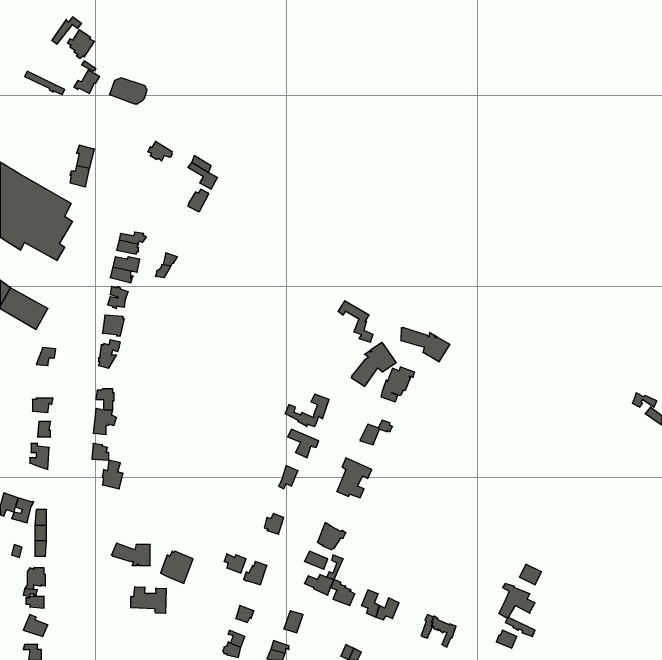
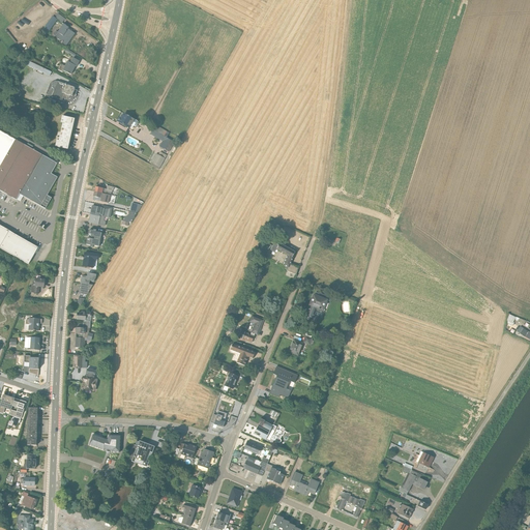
building: [109,78,147,104] -> [47,81,77,101]
building: [401,327,450,362] -> none
building: [352,342,396,386] -> none
building: [131,587,166,613] -> none

